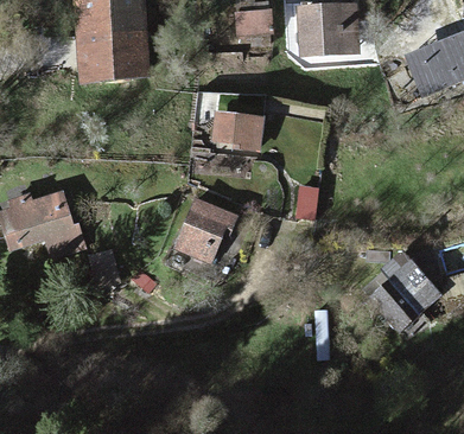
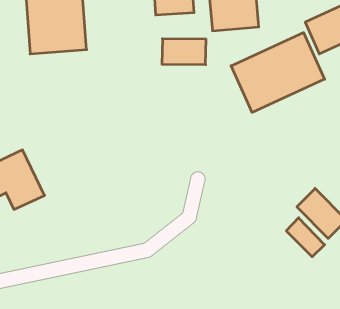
building: none -> [231,33,325,112]
building: [210,110,263,143] -> [162,39,206,65]
building: [171,192,240,261] -> none

